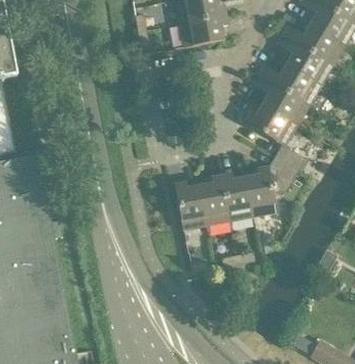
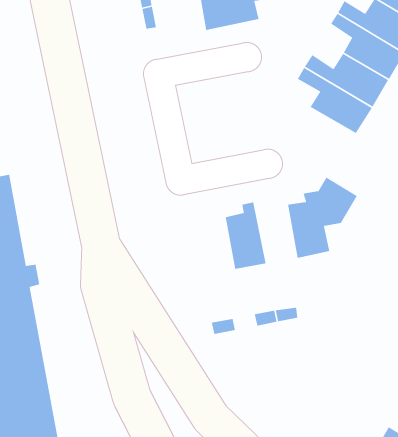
building: [244,104,305,170] -> none
building: [220,173,253,221] -> none
building: [174,181,207,229] -> none

